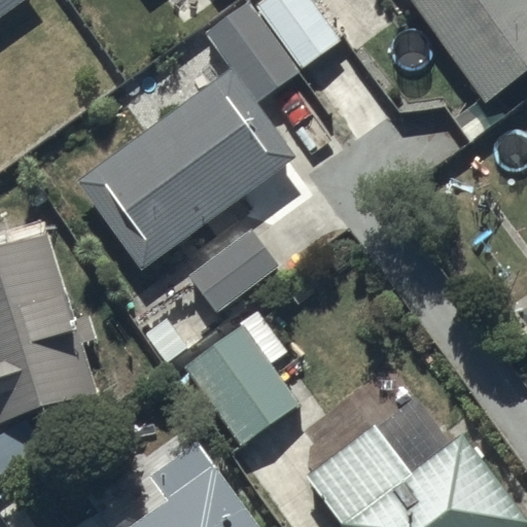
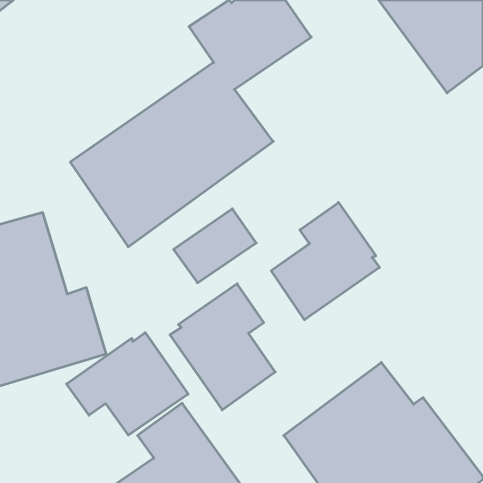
building: none -> [271,202,379,320]
building: none -> [67,333,188,435]

